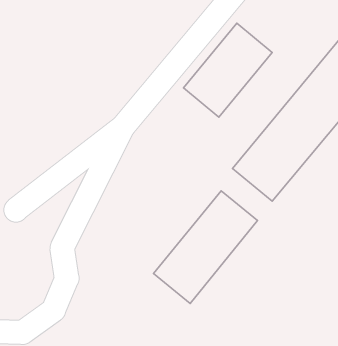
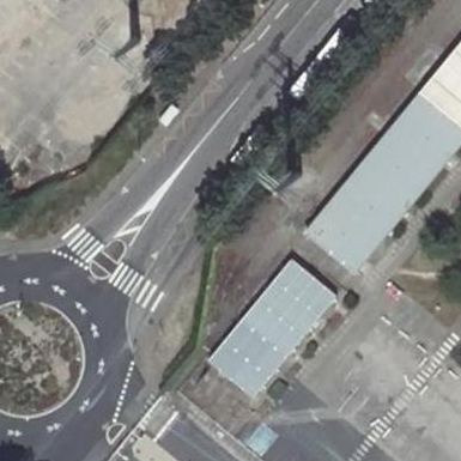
building: [183,23,272,117] -> none

